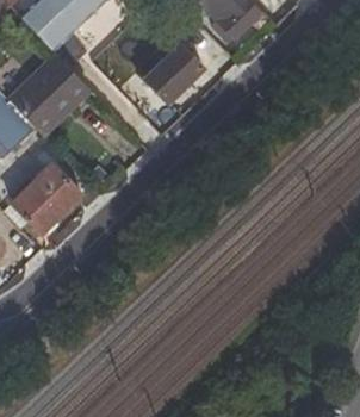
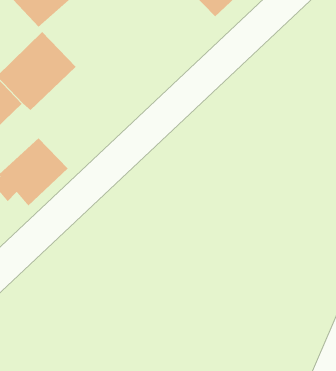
building: [143,43,206,105] -> none

